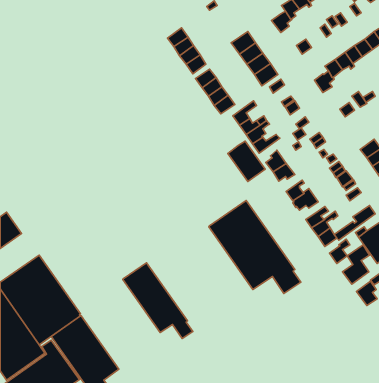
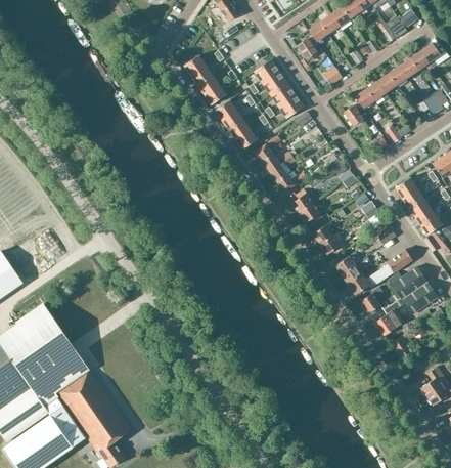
building: [228,141,265,182] -> none
building: [209,200,301,294] -> none
building: [123,263,193,339] -> none

